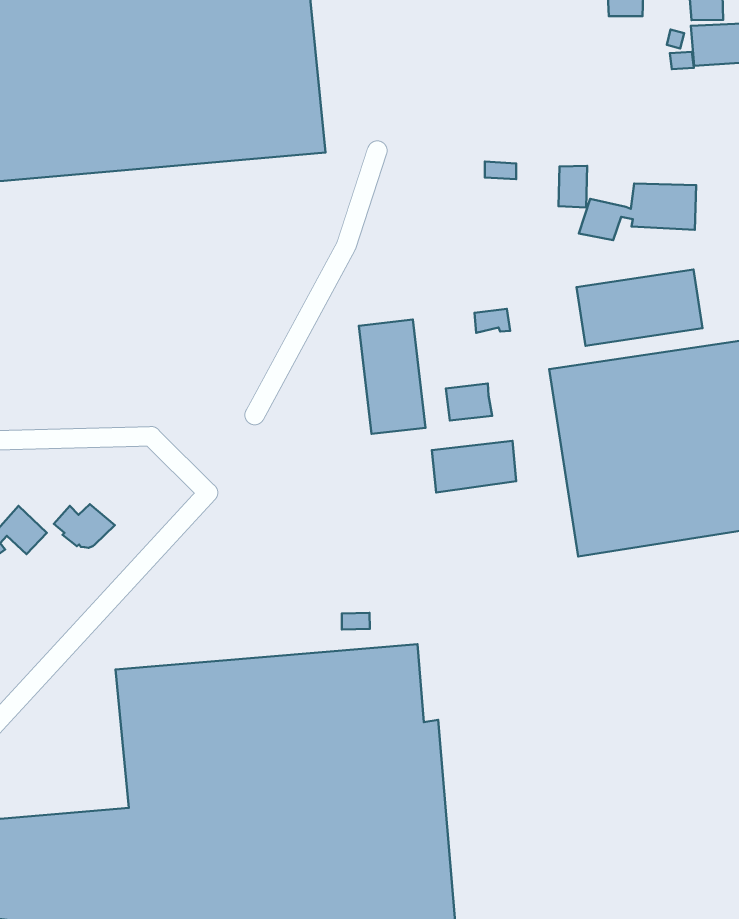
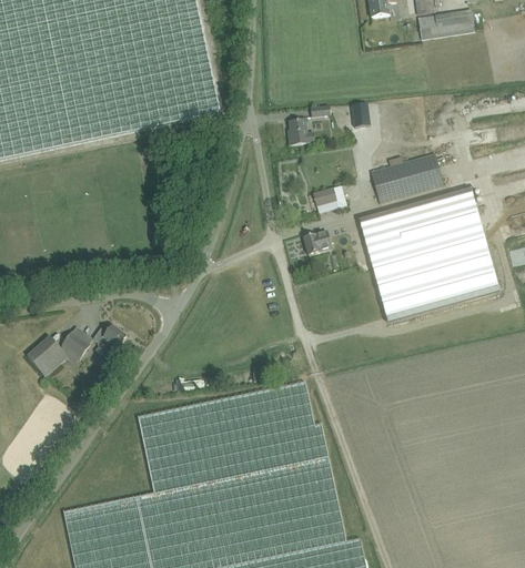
building: none -> [289,120,315,145]
building: [579,183,696,240] -> none
building: [359,320,425,434] -> none
building: [432,441,516,492] -> none

